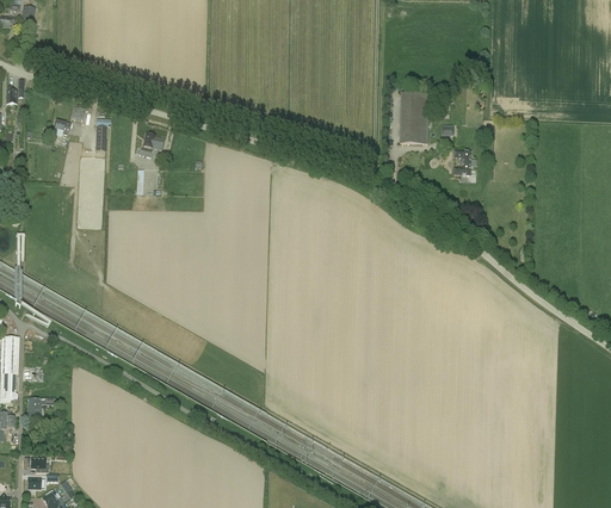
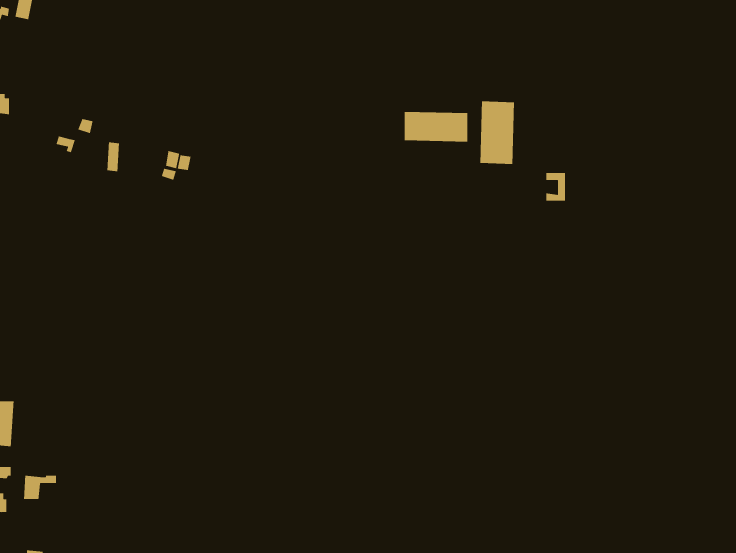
building: none -> [404,111,468,142]

